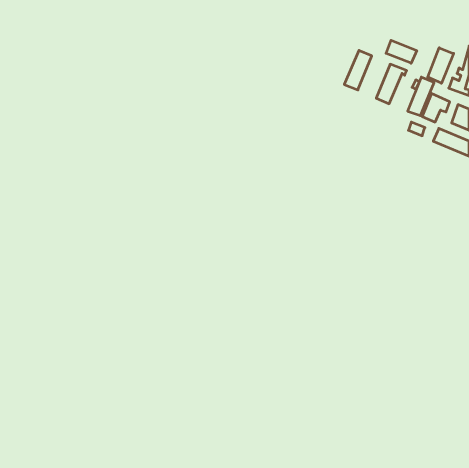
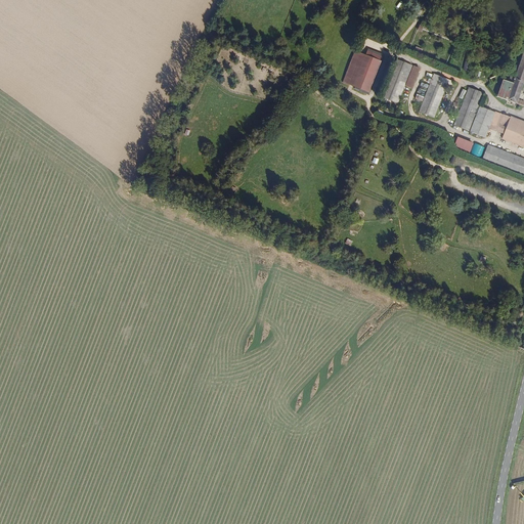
building: [386,40,417,63] -> none
building: none -> [344,48,384,89]
building: [428,48,454,83] -> none

